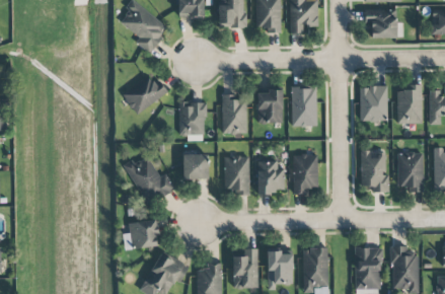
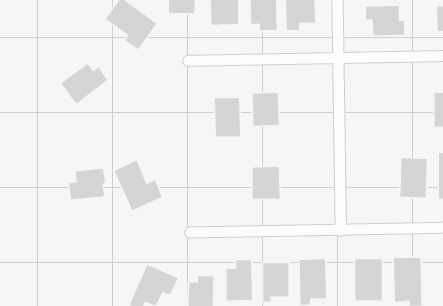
building: [122,75,167,115] -> [60,63,108,105]
building: [397,84,423,124] -> none
building: [360,85,387,121] -> none
building: [291,86,317,126] -> none
building: [179,101,205,140] -> none
building: [361,150,389,192] -> none
building: [183,154,209,179] -> none
building: [293,154,318,193] -> none
building: [225,156,250,195] -> none
building: [123,219,158,249] -> [68,168,106,200]

